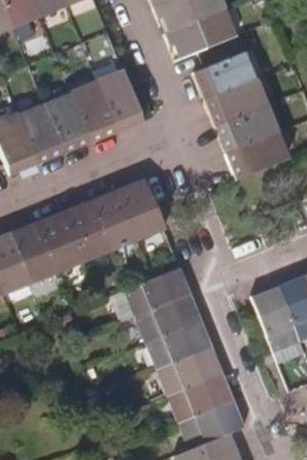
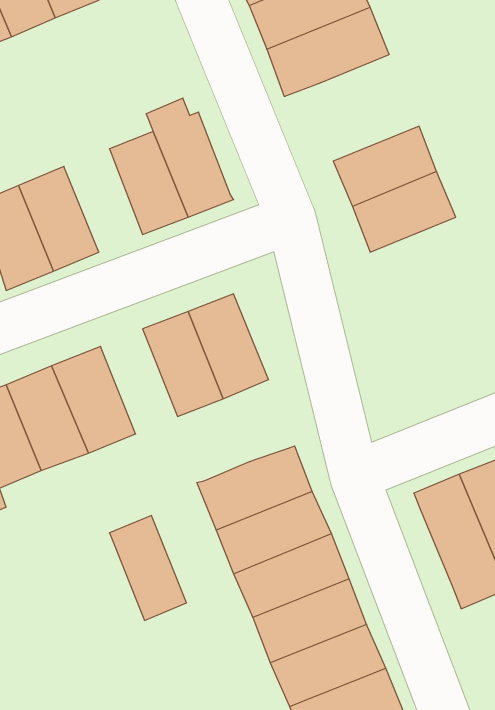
building: [193,53,254,99] -> none
building: [44,92,90,153] -> none
building: [225,133,286,181] -> none
building: [65,199,111,261] -> [109,515,186,620]

